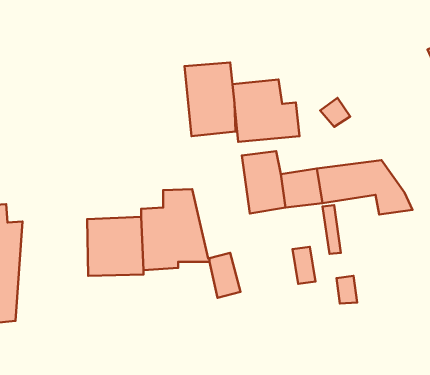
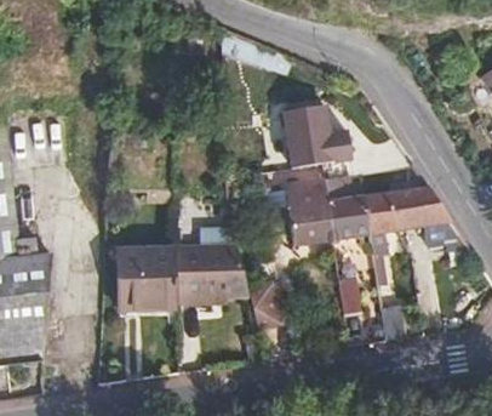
building: [184,63,235,136] -> none

